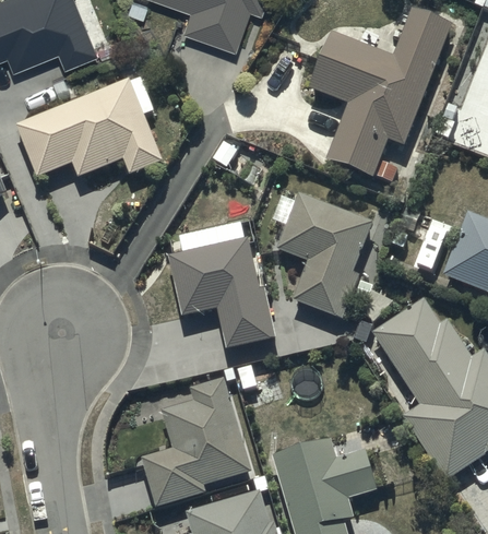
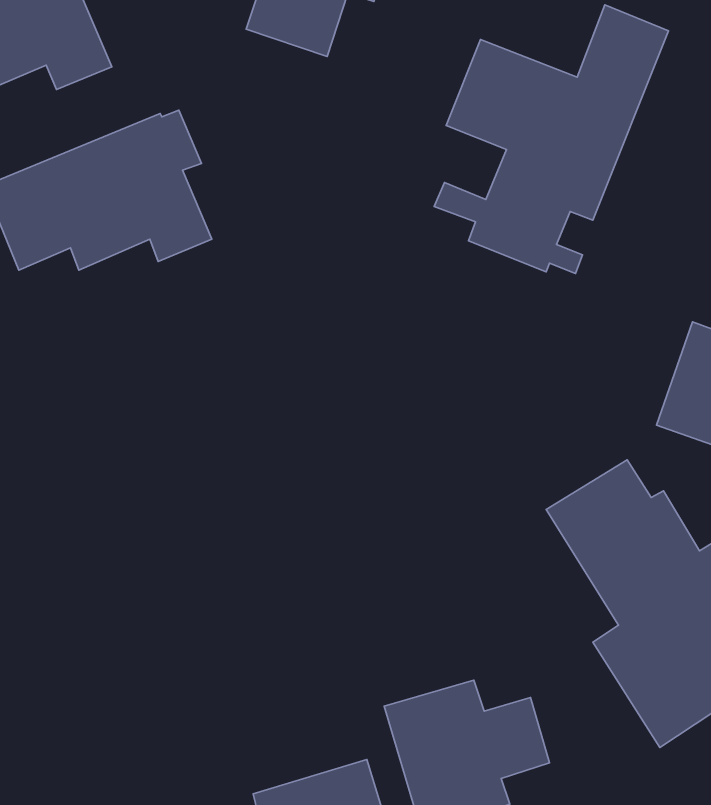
building: [273,193,370,320] -> none
building: [166,223,275,351] -> none
building: [138,378,250,508] -> none

